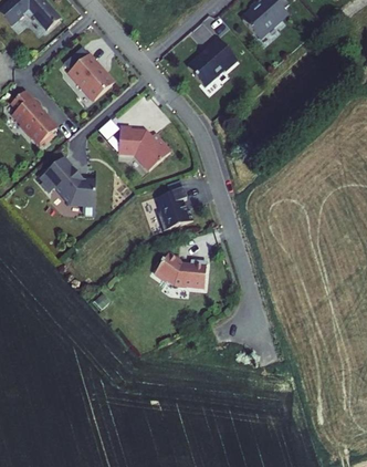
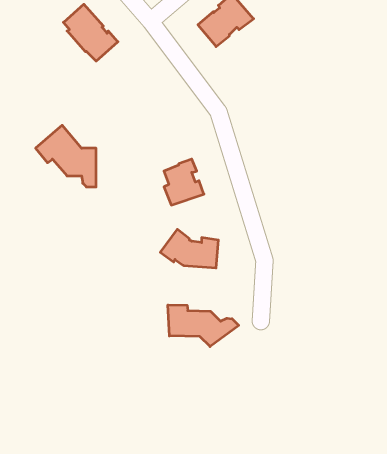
building: [13,92,57,143] -> none
building: [119,126,171,170] -> none
building: none -> [168,305,239,347]

